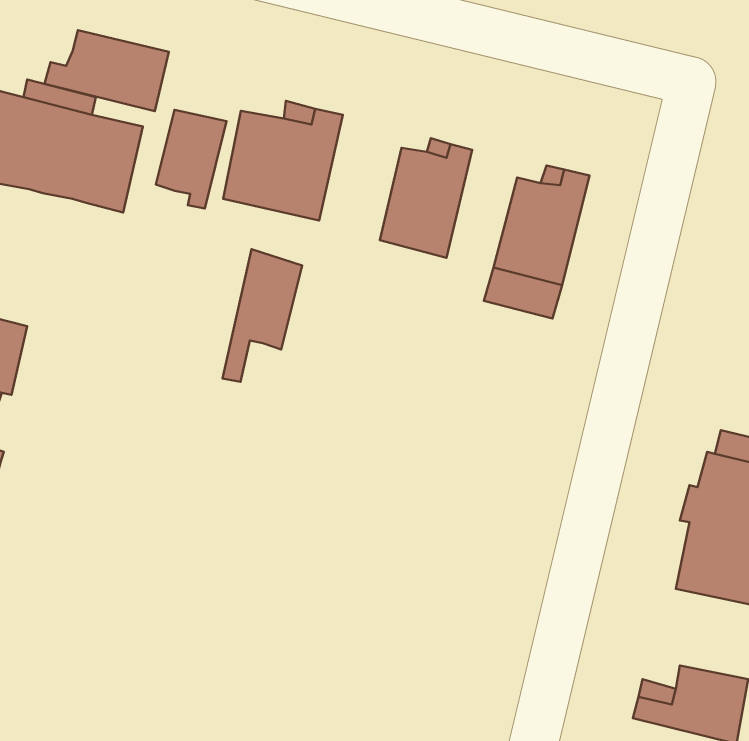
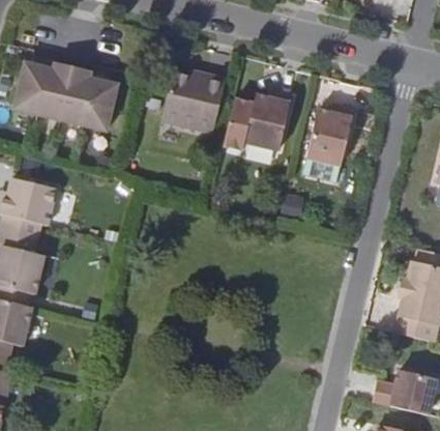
building: [44,30,169,111] -> none
building: [156,110,227,209] -> none
building: [223,249,302,382] -> none

